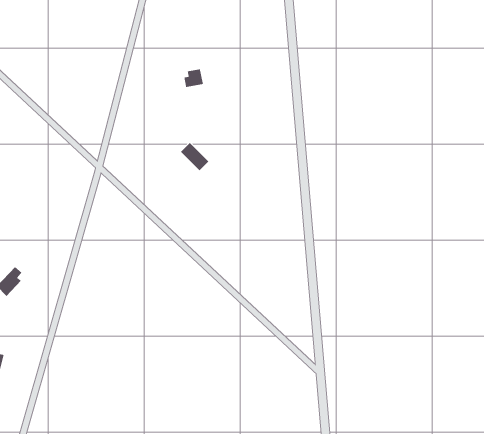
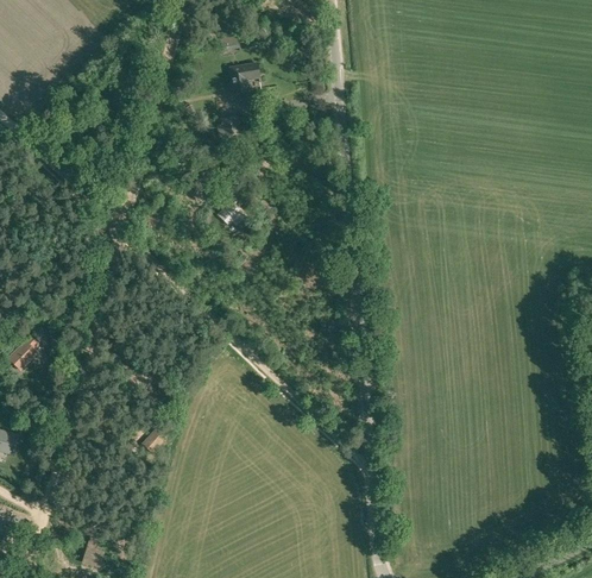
building: none -> [231,64,260,94]

